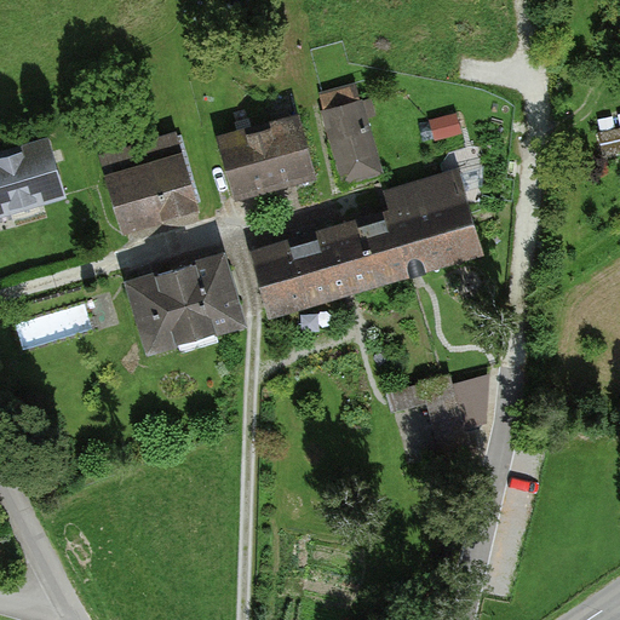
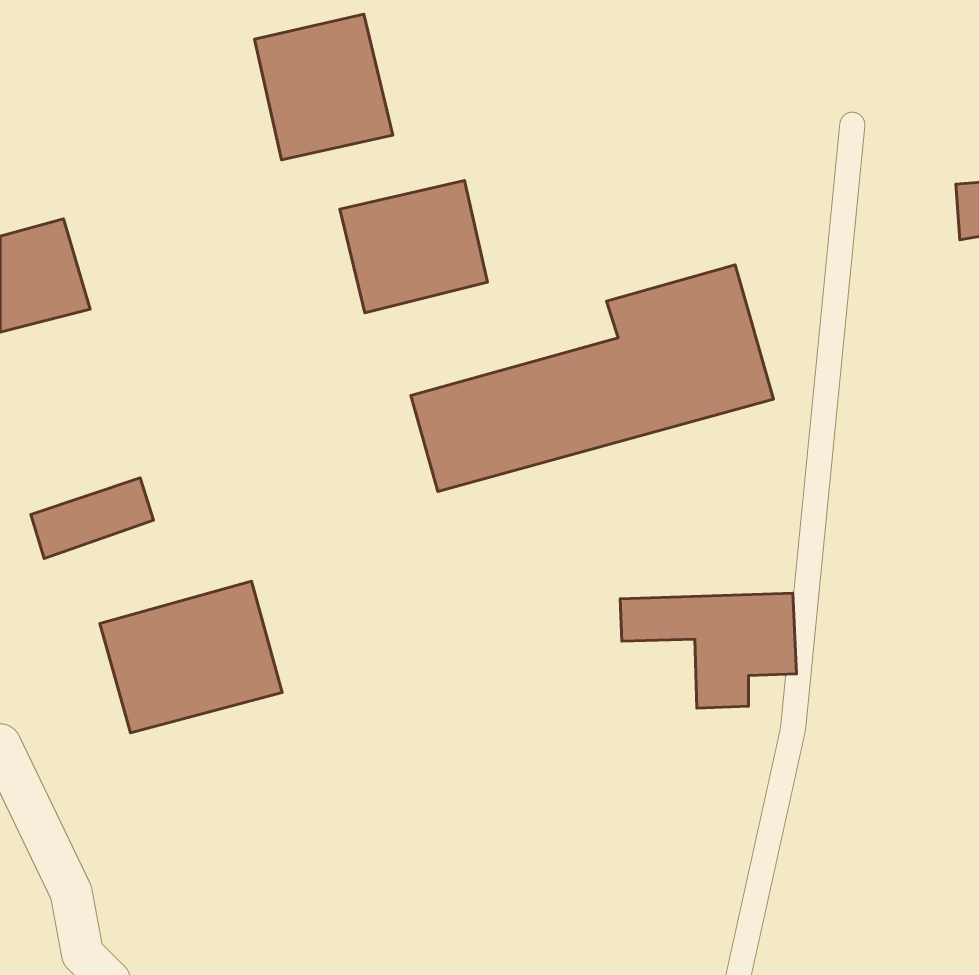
building: [323,90,385,184] -> none
building: [104,136,191,228] -> [255,14,393,160]
building: [124,256,239,351] -> [100,581,282,733]

